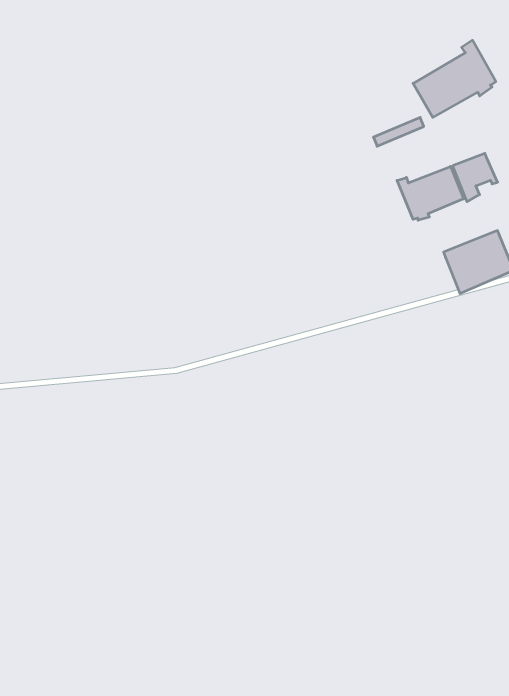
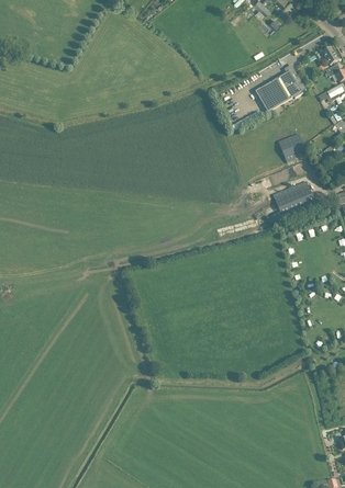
building: [397,166,464,220] -> none

